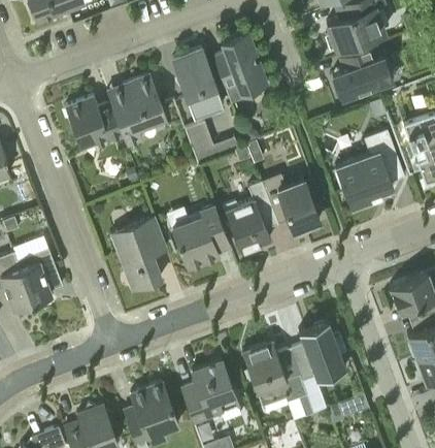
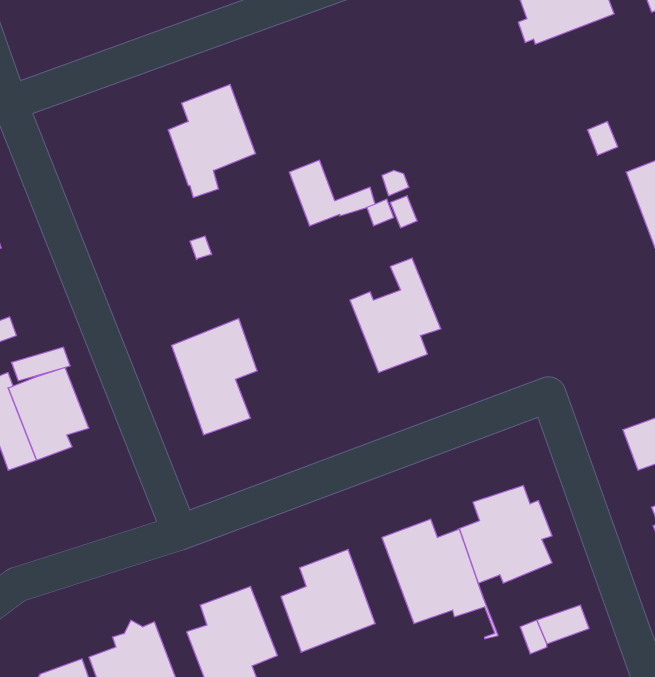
building: [213,31,267,105] -> none
building: [332,47,393,101] -> none
building: [172,49,223,118] -> none
building: [65,96,124,150] -> none
building: [335,130,405,211] -> none
building: [261,174,320,232] -> none
building: [173,205,227,269] -> none

